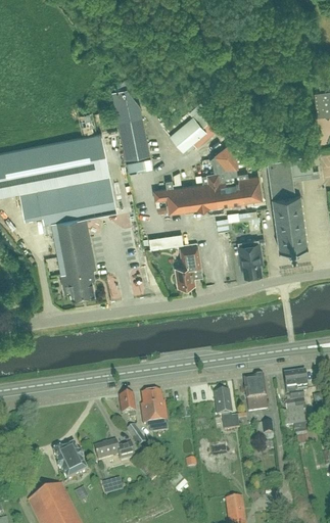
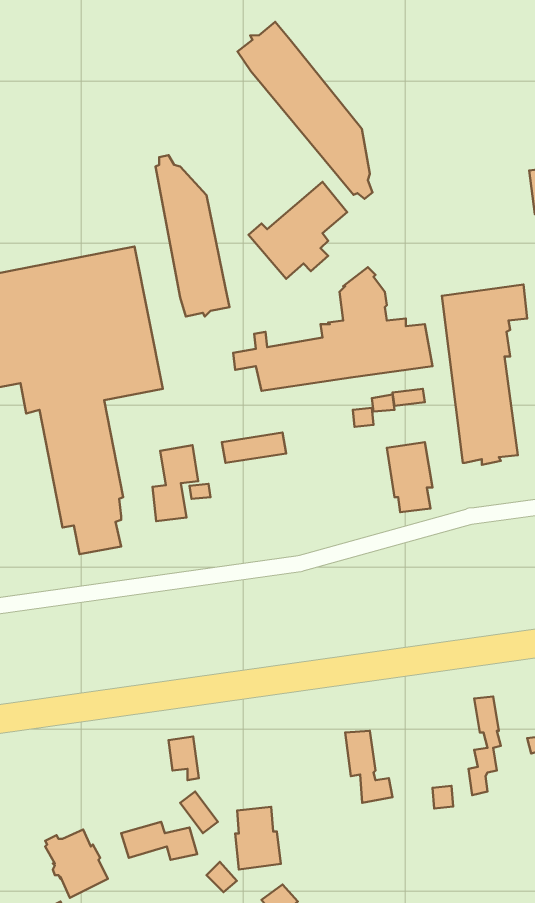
building: none -> [238,22,373,199]
building: [176,246,200,287] -> [152,445,198,521]
building: [290,374,307,427] -> none
building: [243,379,267,414] -> none
building: [141,393,166,427] -> [235,807,281,869]

